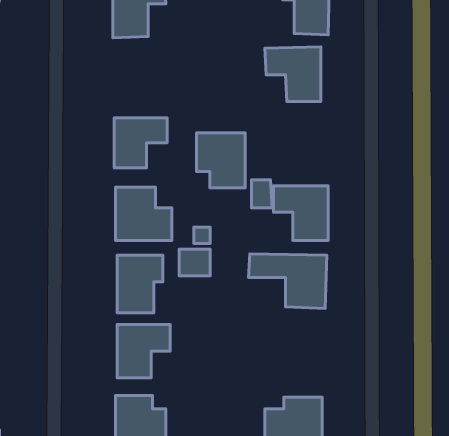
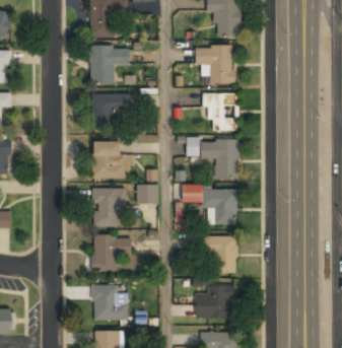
building: none -> [89,47,129,83]
building: [197,133,245,188] -> [203,93,236,131]
building: none -> [205,236,236,273]

